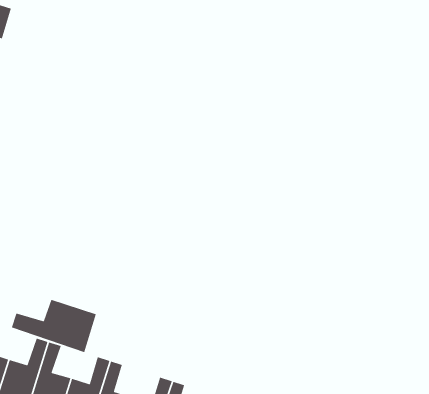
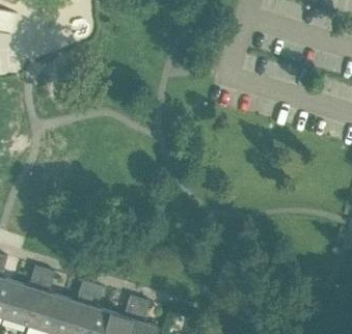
building: [11,299,97,353] -> none

